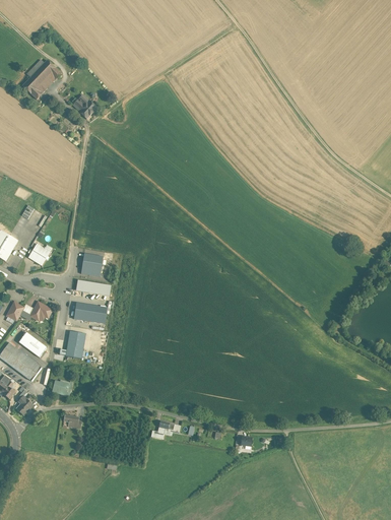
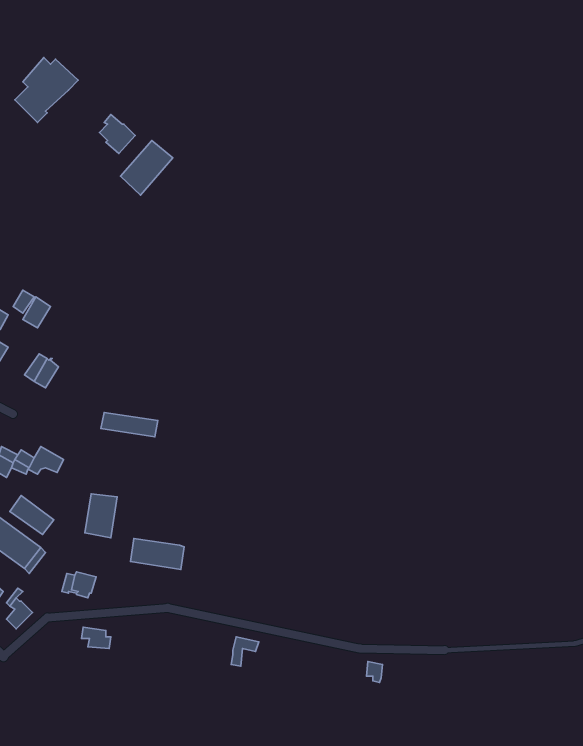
building: none -> [121,140,173,195]
building: [80,253,103,276] -> none
building: [73,305,107,324] -> [131,539,184,570]

